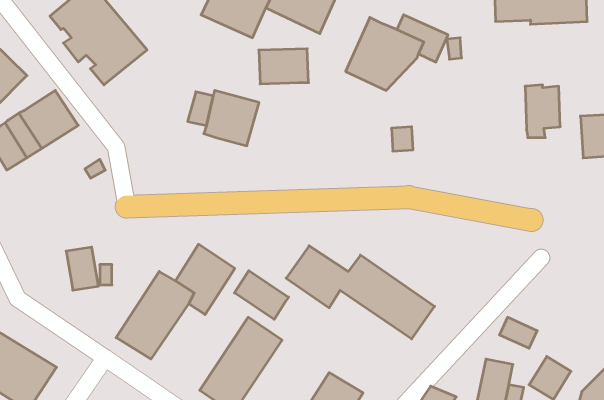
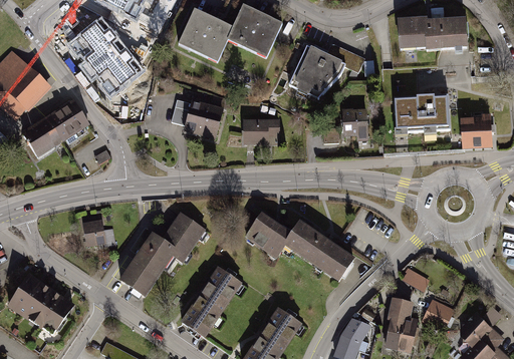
building: [259,49,309,84] -> [242,118,279,144]
building: none -> [393,95,423,135]
building: none -> [342,107,368,139]
building: [234,271,289,319] -> none

